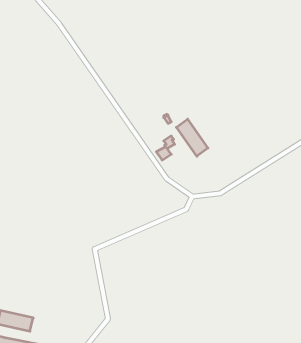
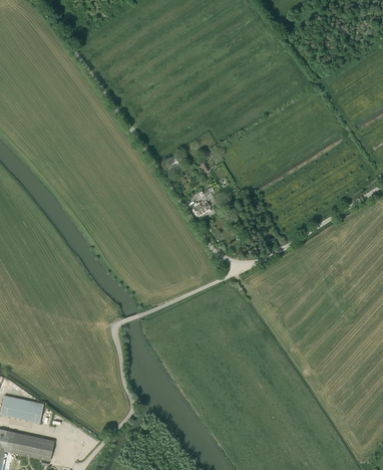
building: [176,119,208,156] -> none

